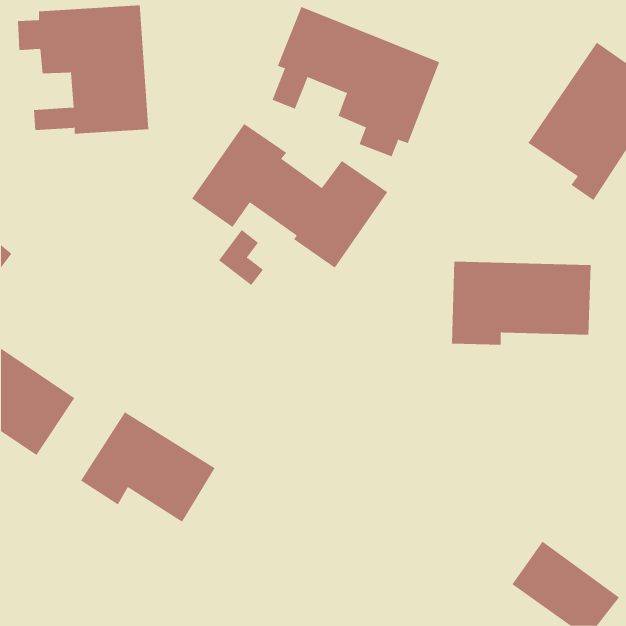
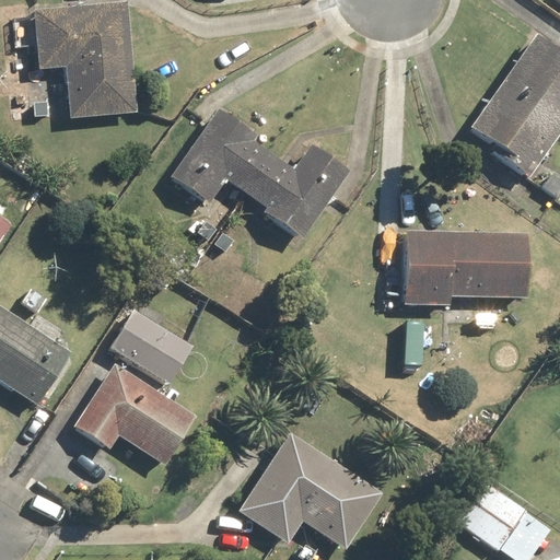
building: [272,6,440,157] -> none
building: none -> [108,308,192,384]
building: none -> [241,432,384,548]

